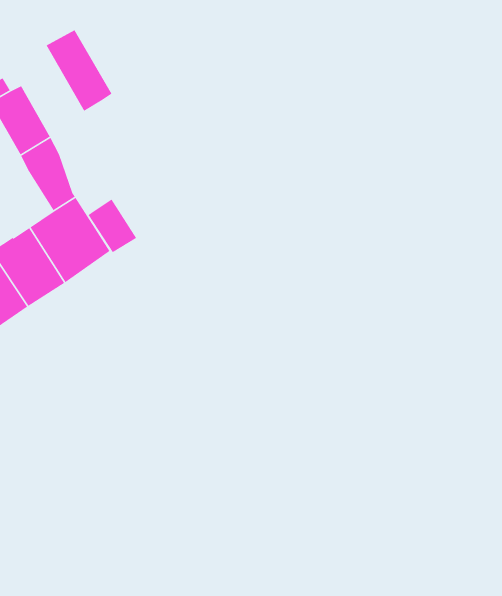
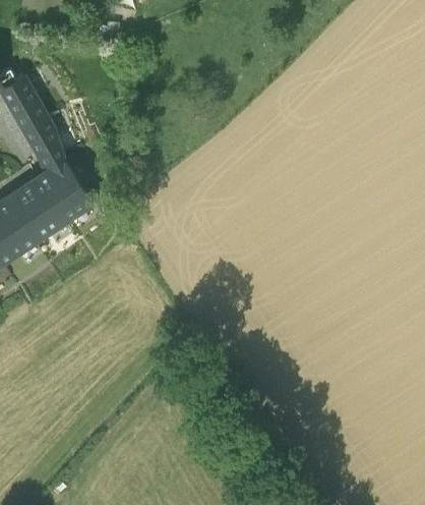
building: [45,29,113,112] -> none
building: [87,199,137,253] -> none

